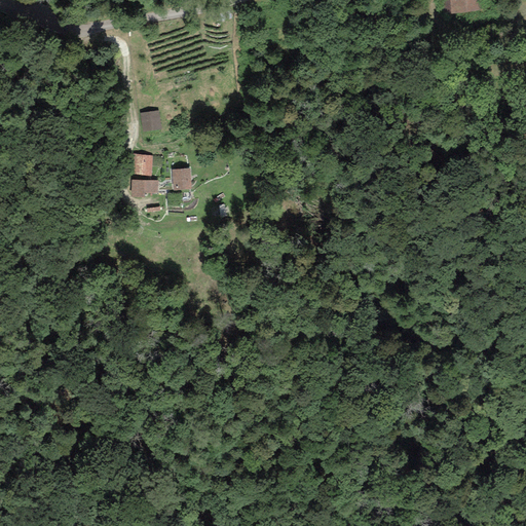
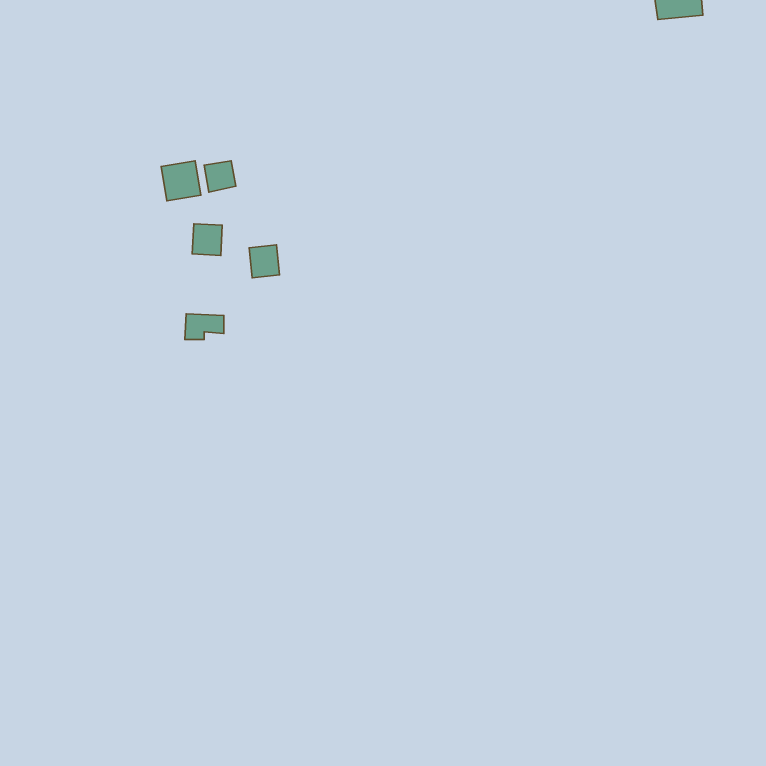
building: none -> [161,161,201,201]
building: [132,179,158,196] -> [185,314,224,339]

